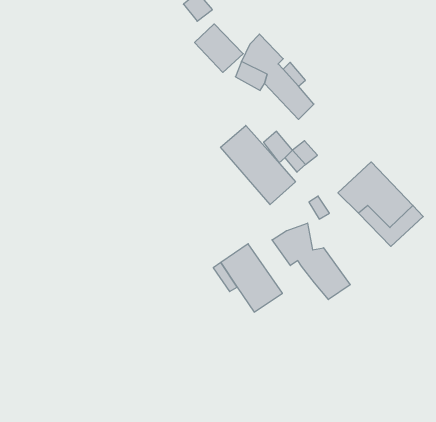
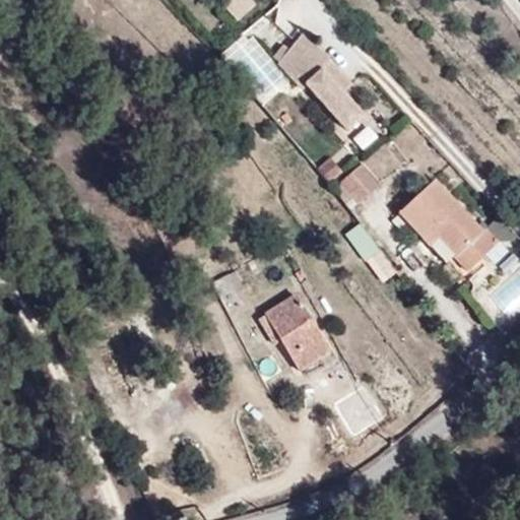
building: [221,125,295,205] -> none
building: [272,223,350,300] -> none

